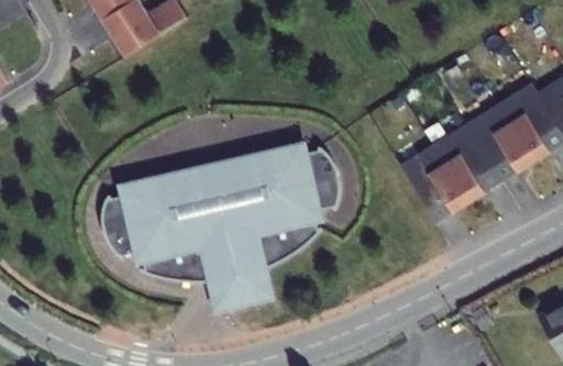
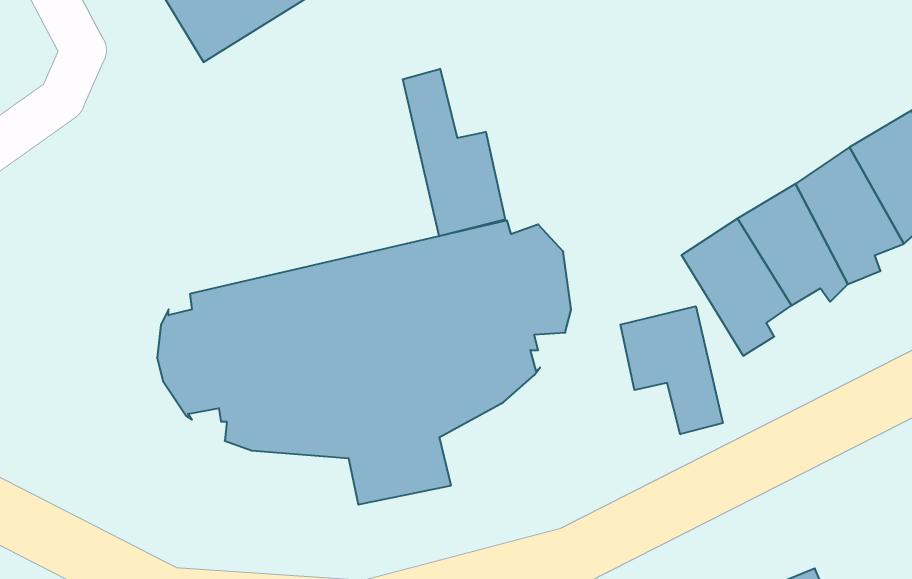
building: none -> [403,69,505,236]
building: none -> [620,306,723,434]

